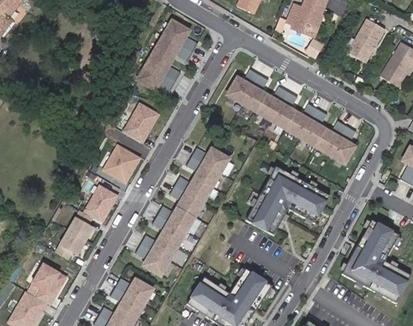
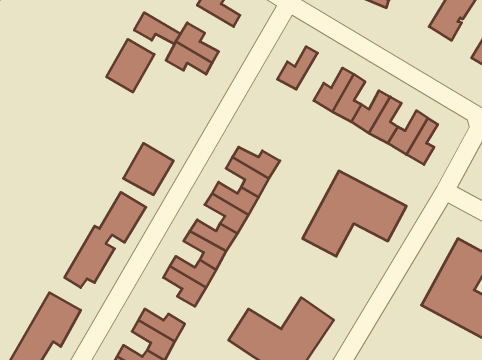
building: [153,34,190,59] -> [134,13,181,44]
building: [240,72,266,110] -> none
building: [122,102,160,144] -> [107,39,154,92]

